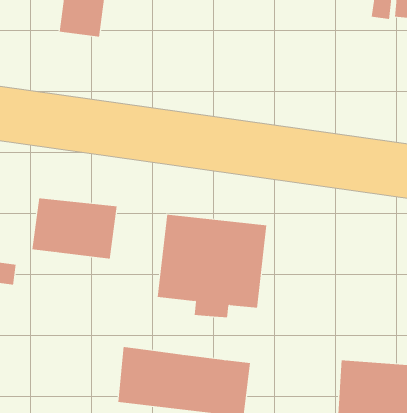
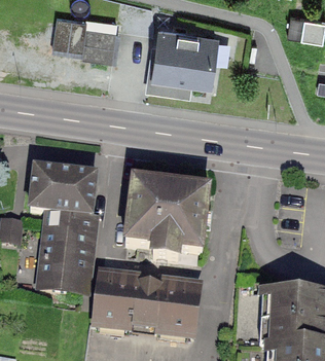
building: none -> [82,24,116,60]
building: none -> [154,26,216,80]
building: none -> [40,210,91,290]

